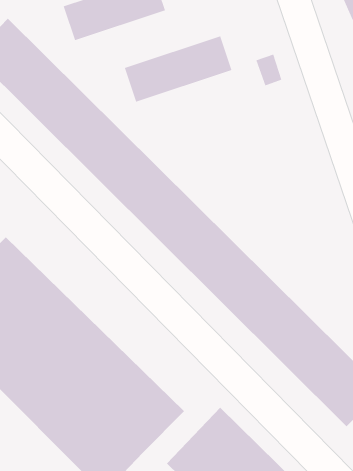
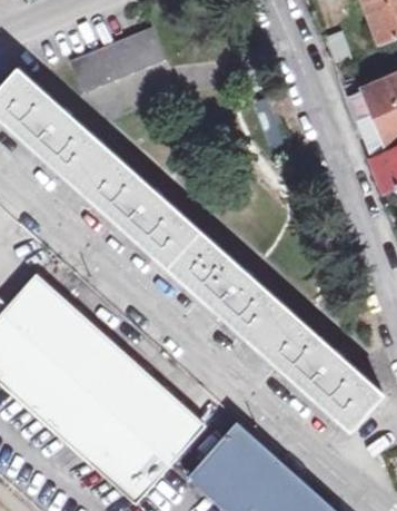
building: [124,35,232,102] -> none

